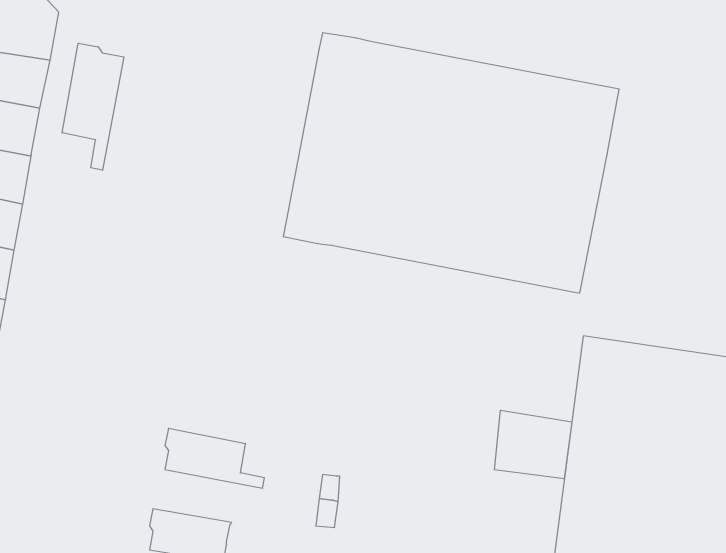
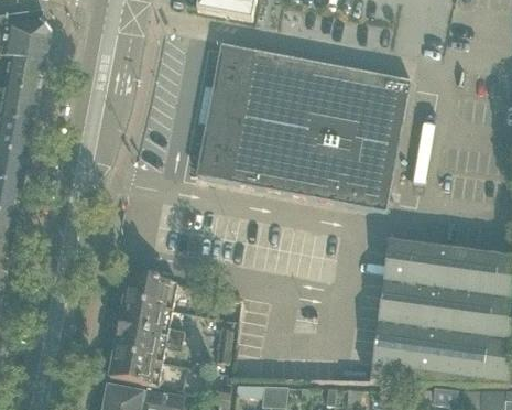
building: [62,43,124,170] -> none
building: none -> [120,271,175,308]
building: [494,410,572,479] -> none
building: none -> [110,324,181,358]

